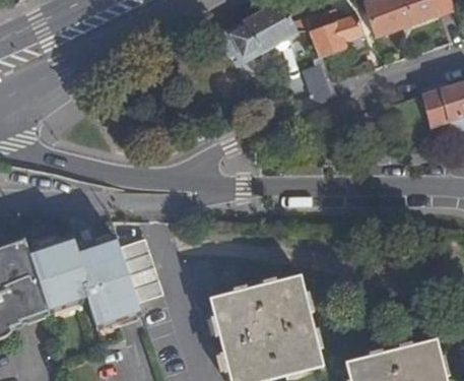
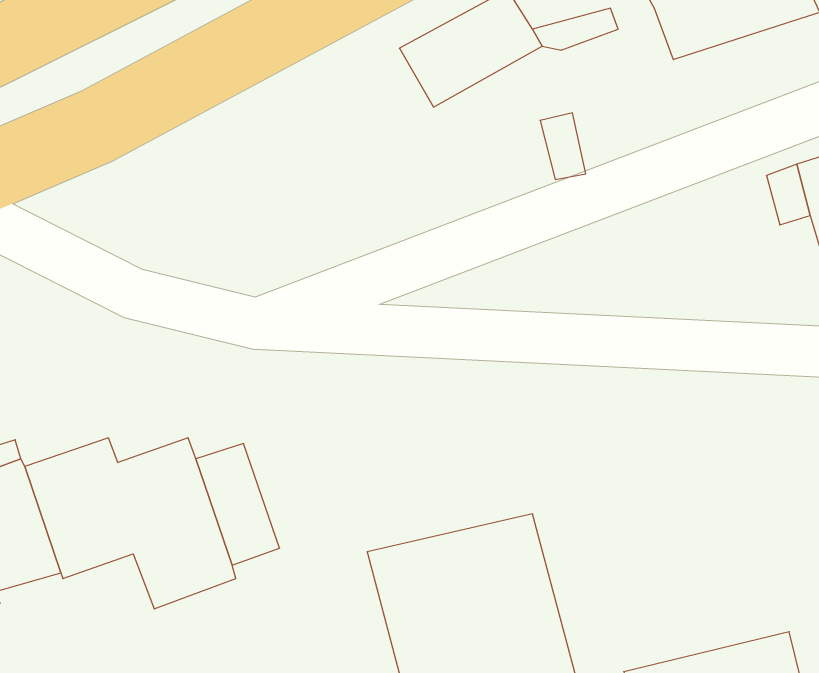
building: [315,15,361,53] -> none

